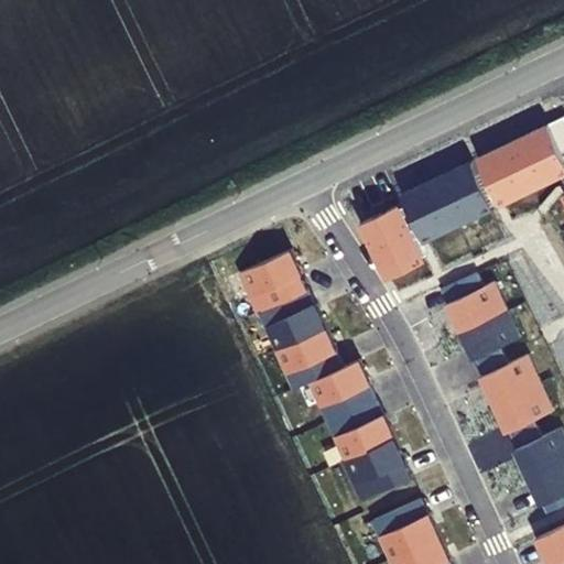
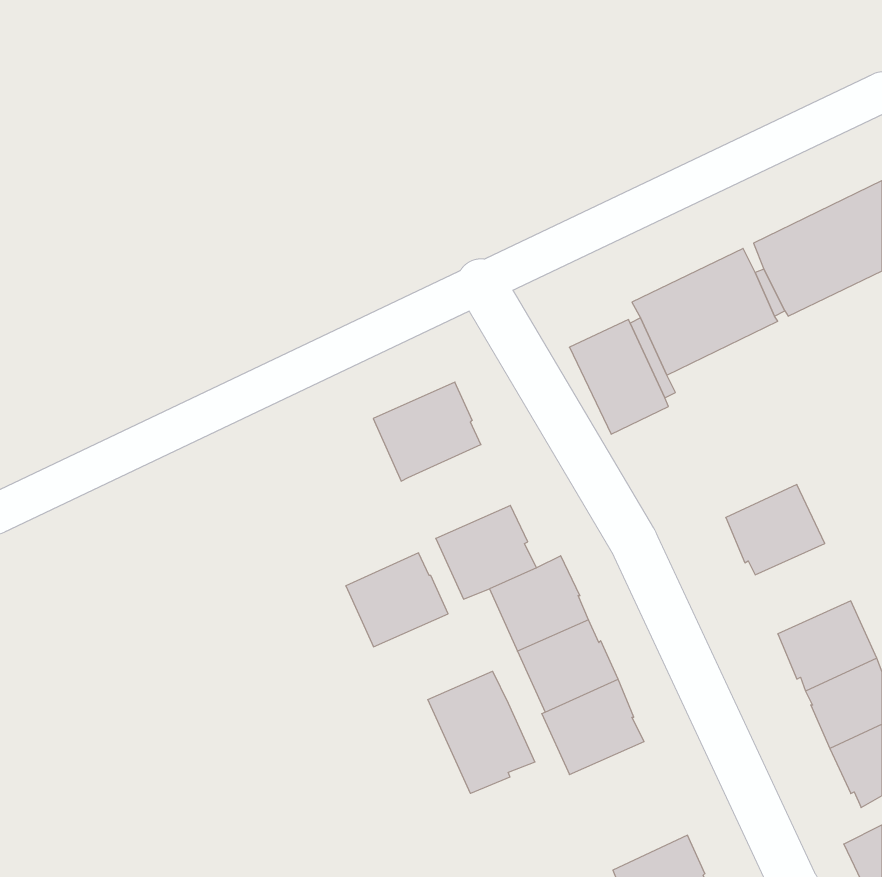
building: [441,278,506,335] -> none
building: [259,289,324,348] -> [346,553,448,647]
building: [479,351,540,409] -> none
building: none -> [428,671,535,793]
building: [371,498,436,558] -> none

